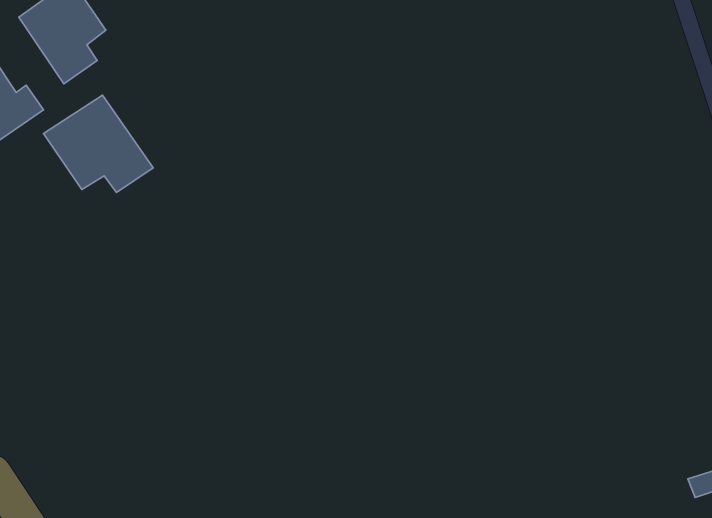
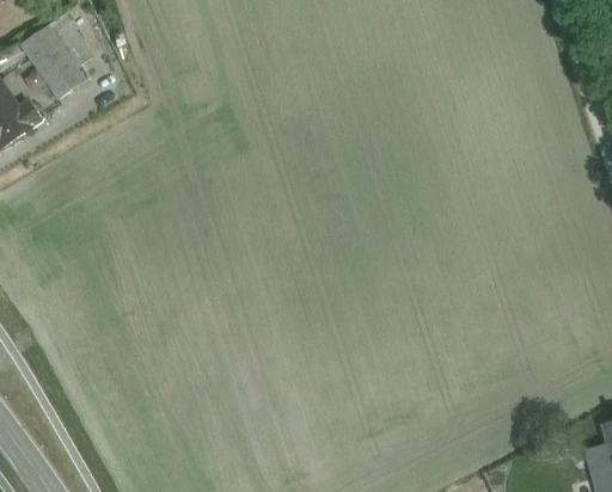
building: [44,95,153,193] -> none

